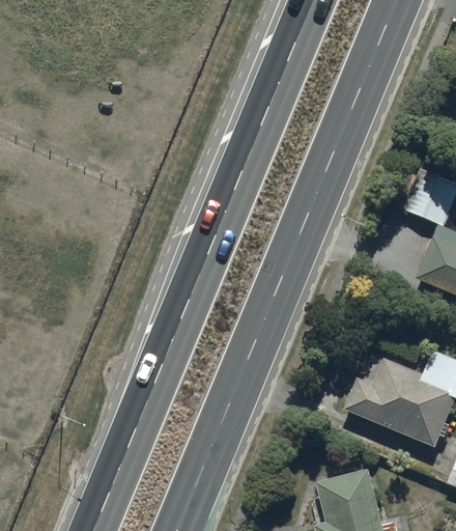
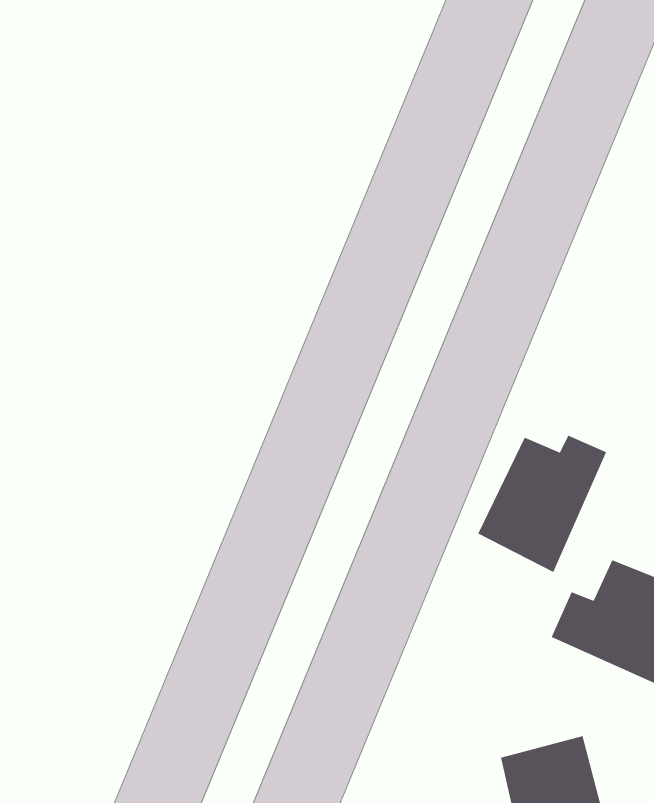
building: none -> [477,435,607,573]

